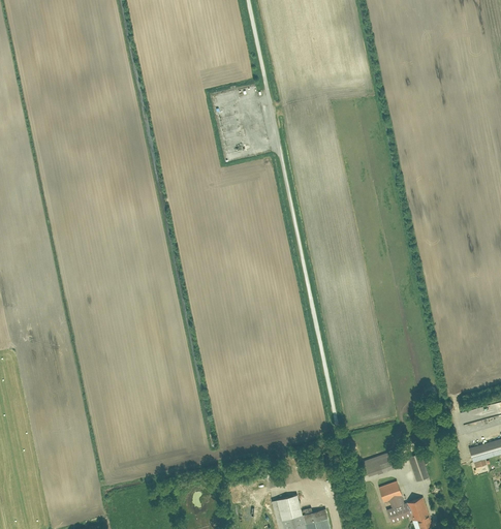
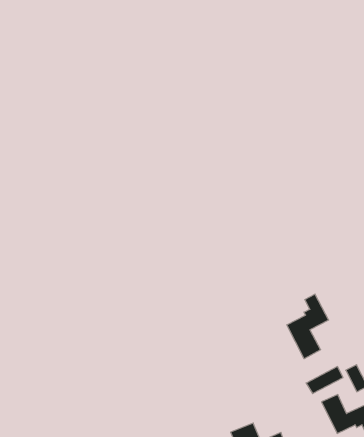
building: none -> [287,294,329,359]

